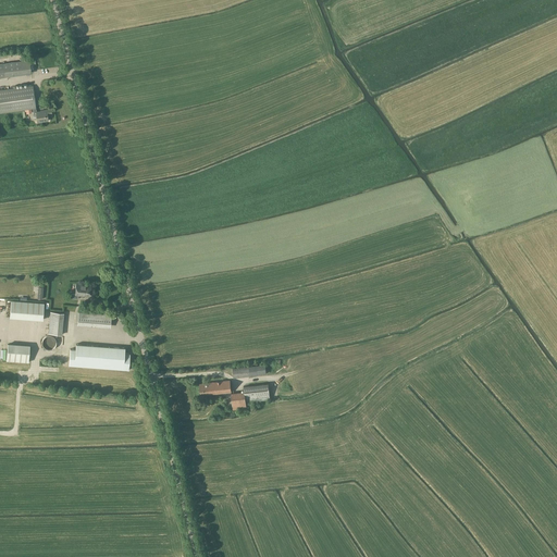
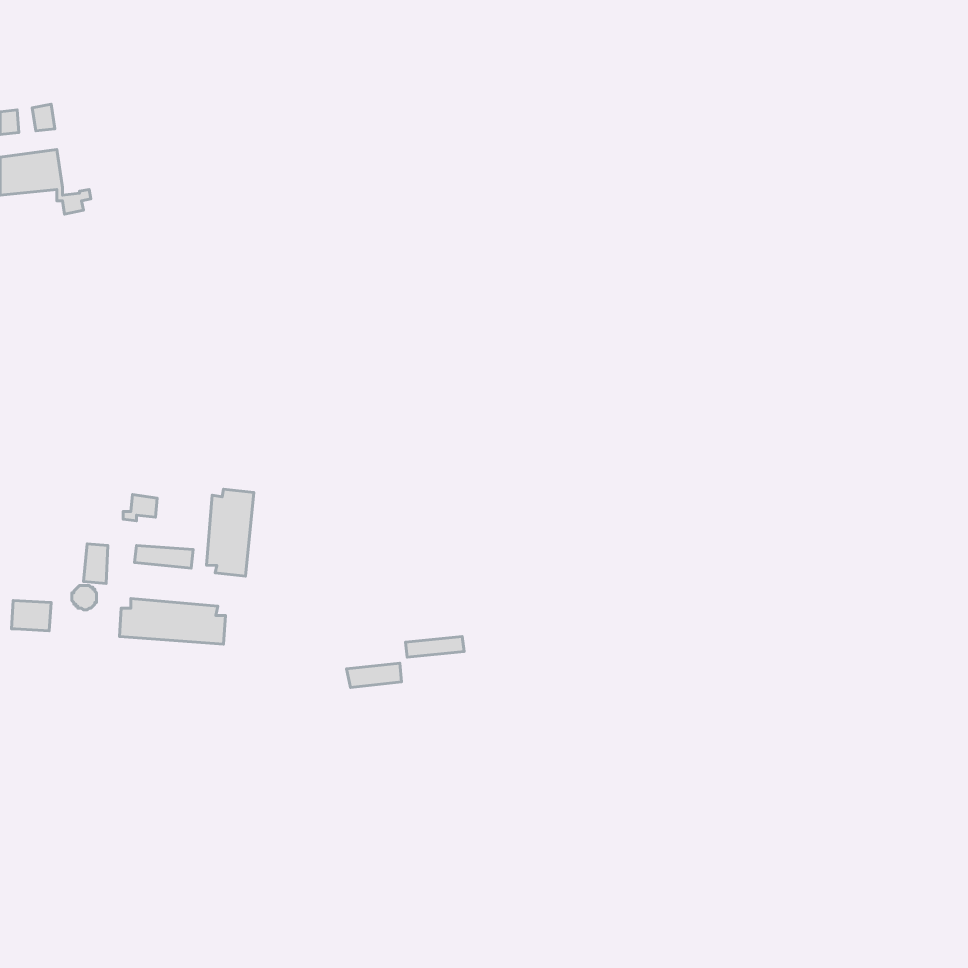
building: none -> [206,489,254,576]
building: [10,301,44,320] -> none
building: [232,383,270,409] -> none

